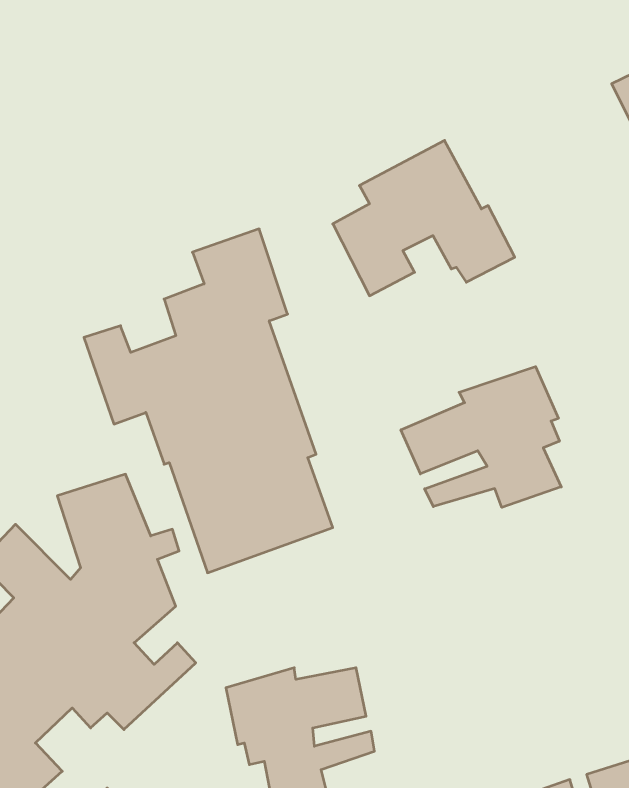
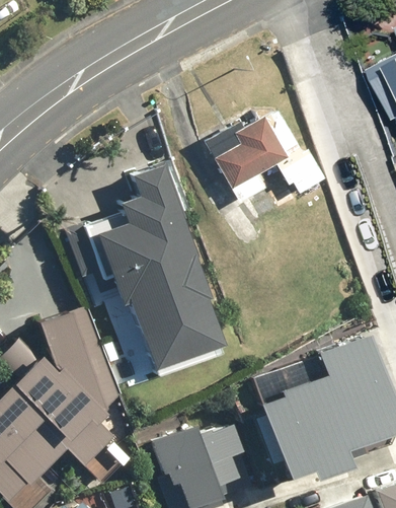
building: [401,367,561,507] -> none
building: none -> [241,339,387,483]

